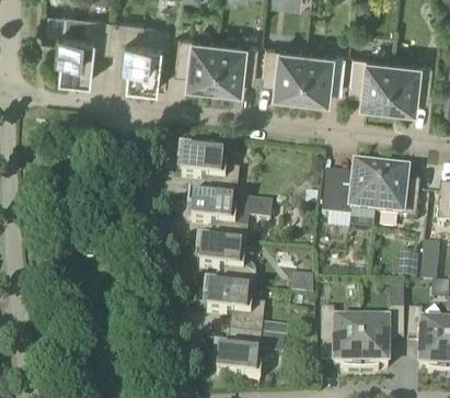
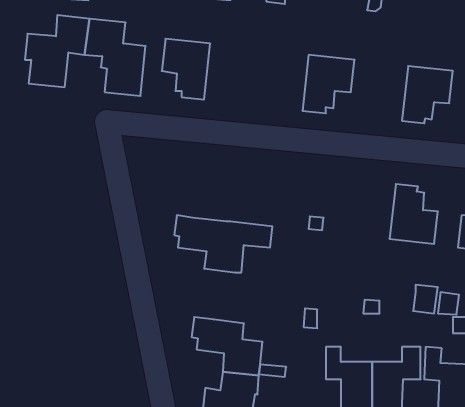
building: [214,43,258,94] -> none
building: [263,48,305,102] -> none
building: [350,58,393,111] -> none
building: [177,145,240,200] -> none
building: [322,164,382,217] -> none
building: [195,239,256,291] -> none

